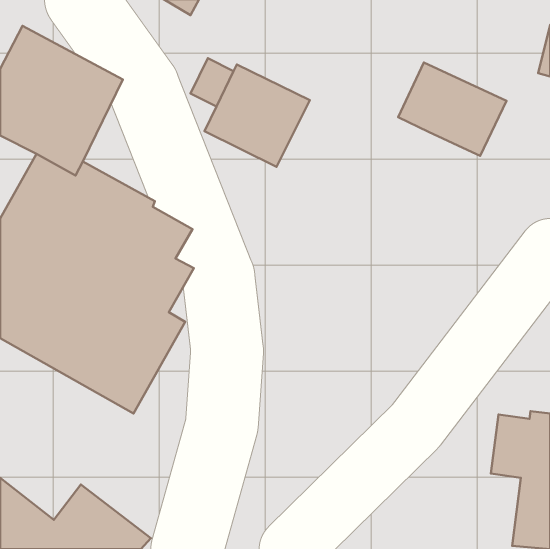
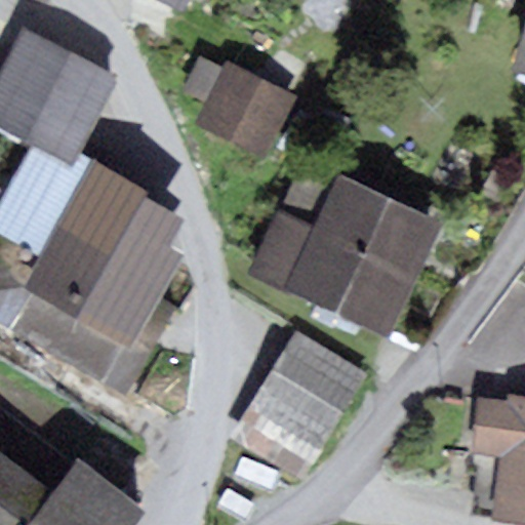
building: [398,62,507,156] -> none
building: none -> [249,171,444,337]
building: none -> [229,329,367,482]

